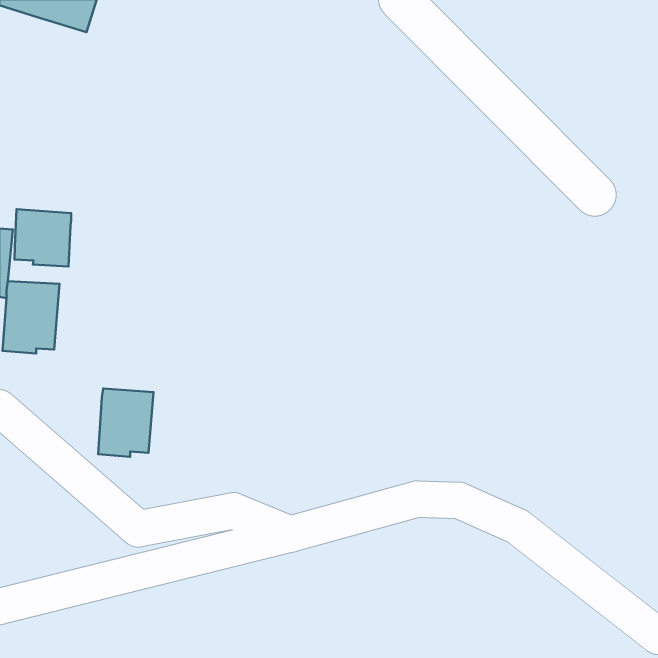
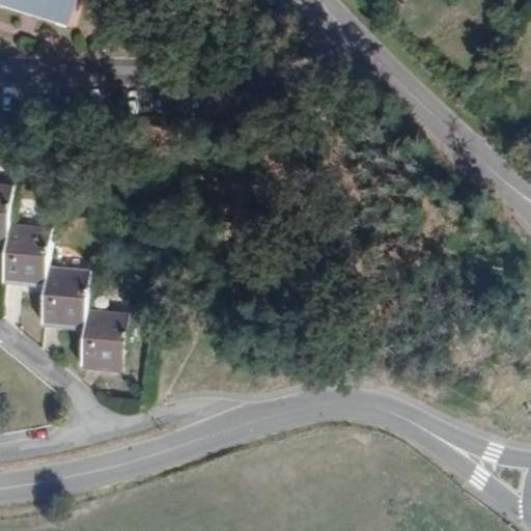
building: [14,209,71,266] -> none
building: none -> [41,268,86,323]

